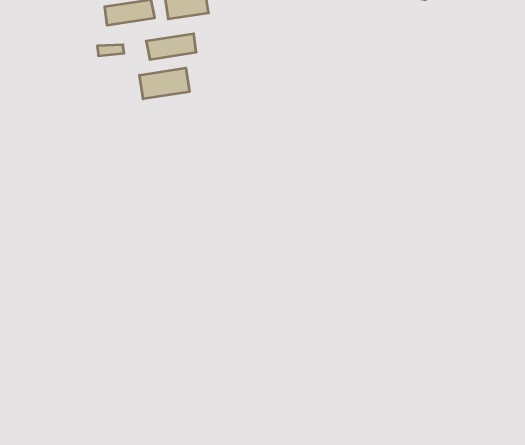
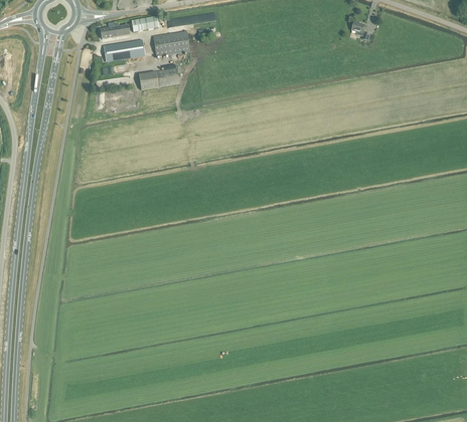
building: [139,68,189,99] -> none

